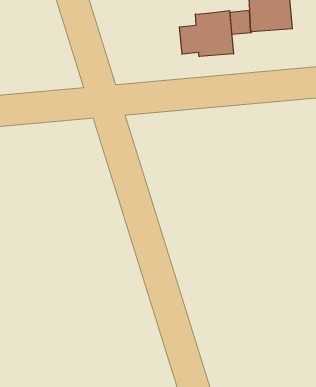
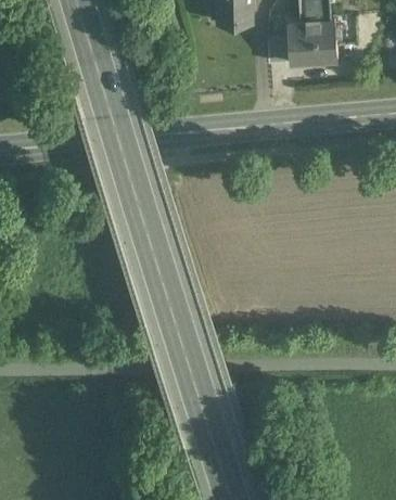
building: [180,11,233,57] -> none

